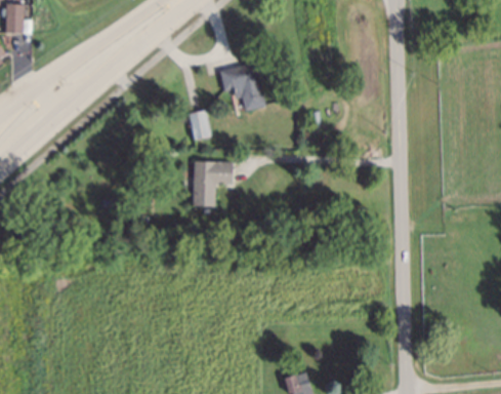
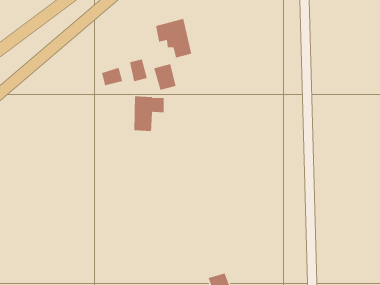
building: none -> [153,63,177,91]
building: none -> [101,67,123,86]

